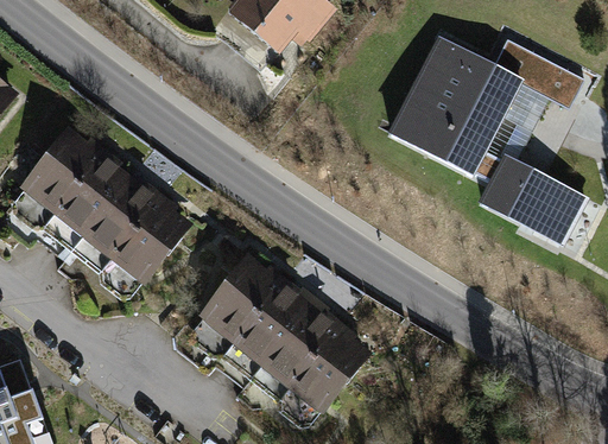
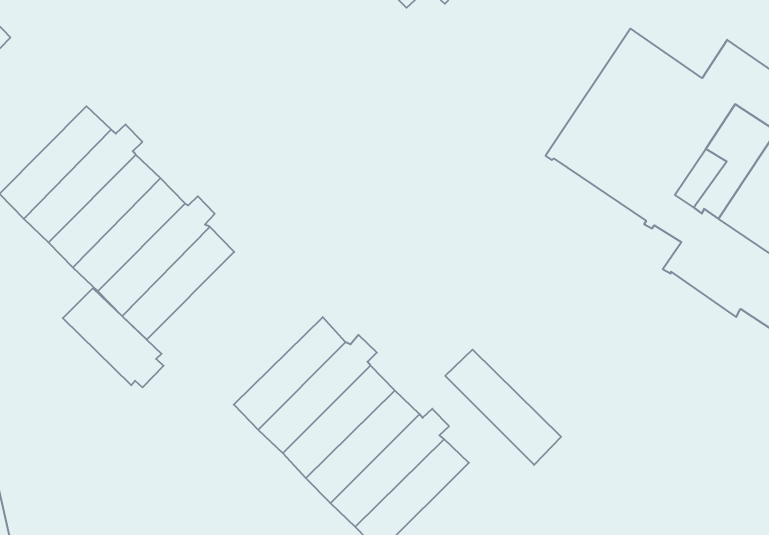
building: none -> [63,288,164,387]
building: none -> [445,350,561,465]

